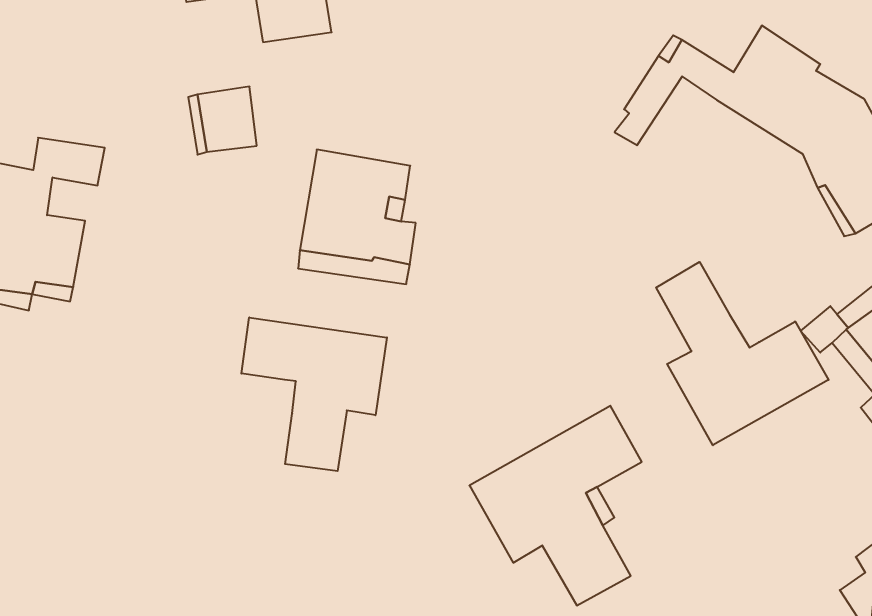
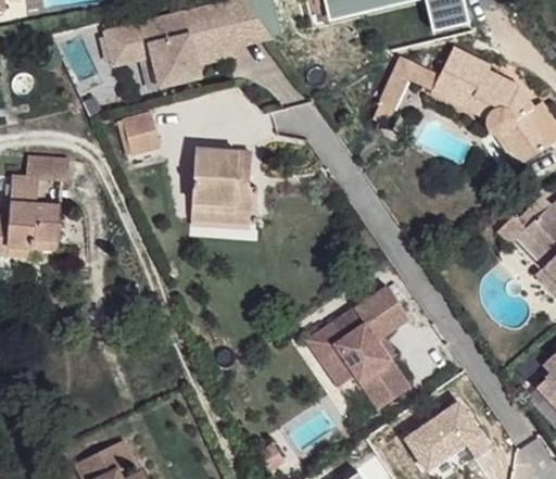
building: [656,262,829,445] -> none
building: [241,317,387,471] -> none

